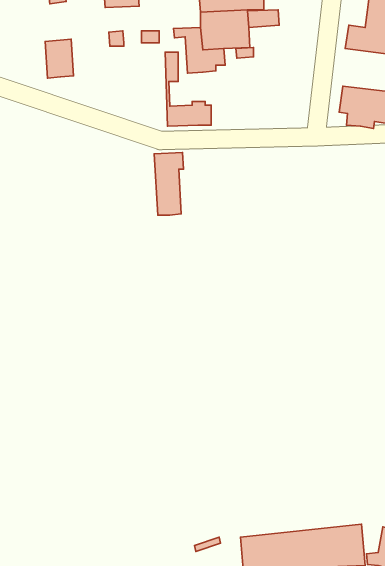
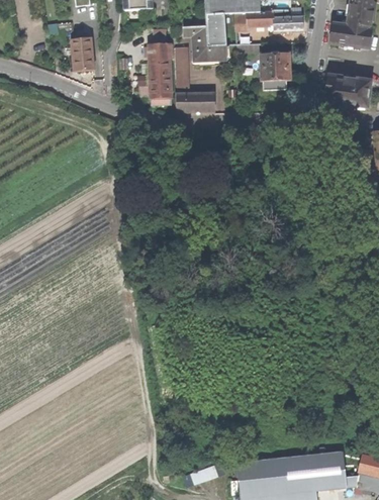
building: none -> [272,7,302,32]
building: none -> [259,51,289,88]
building: [154,153,184,215] -> [148,42,173,96]

